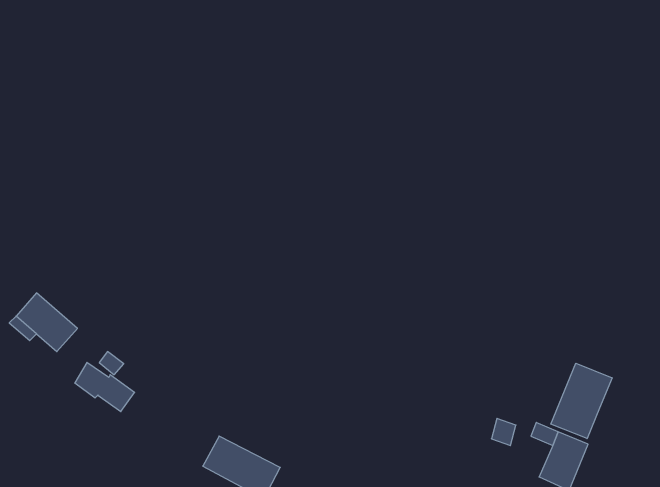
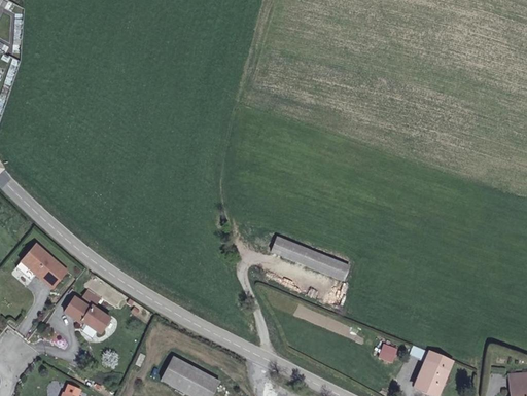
building: none -> [272,237,350,281]
building: [551,363,612,439] -> none

